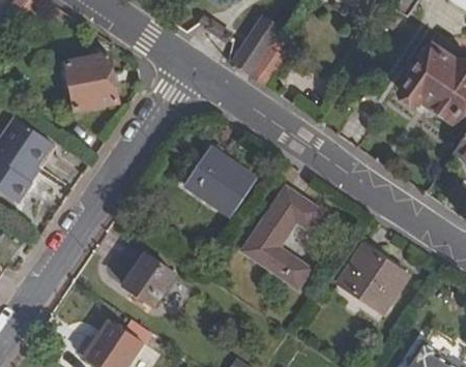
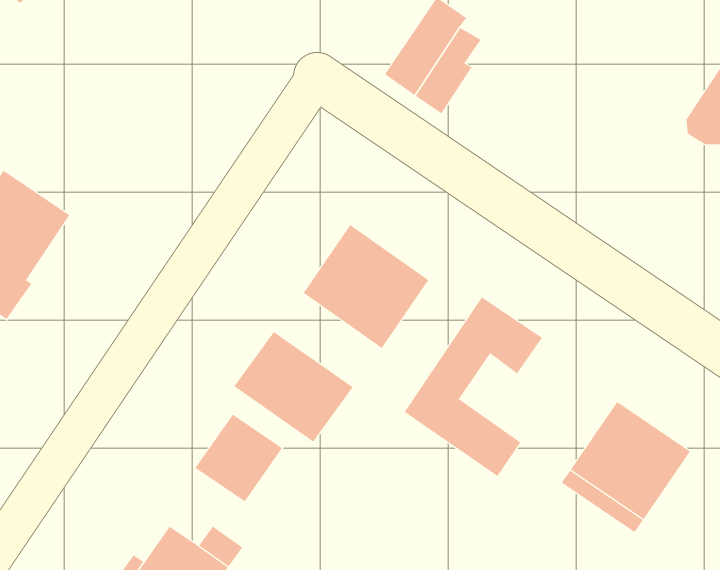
building: [63,54,118,110] -> none
building: none -> [234,331,353,442]

